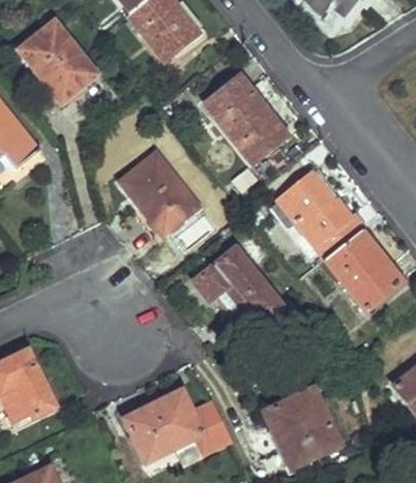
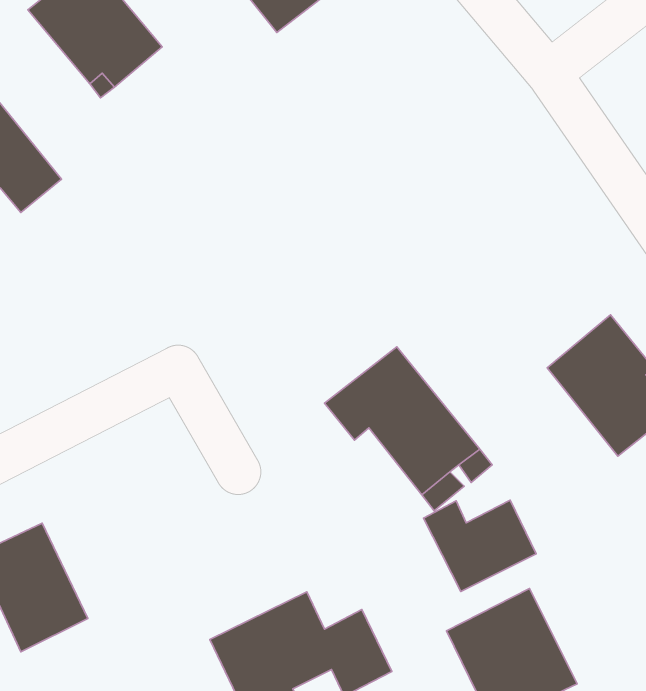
building: [204,76,287,163] -> none
building: [119,153,198,235] -> none
building: [276,173,364,259] -> none
building: none -> [423,500,536,591]

